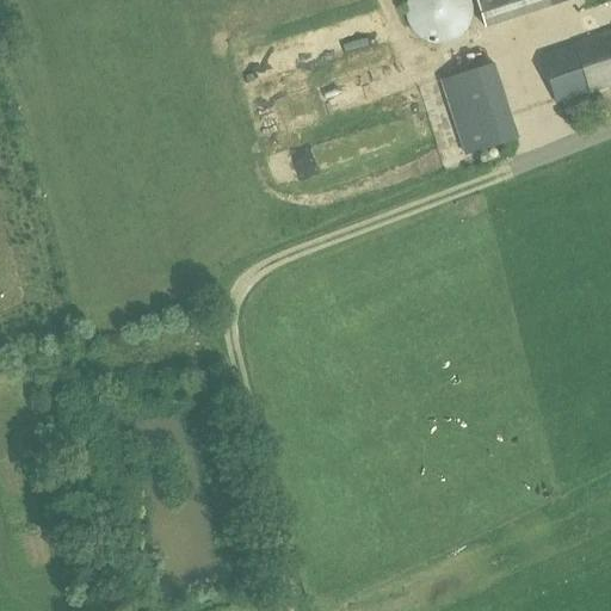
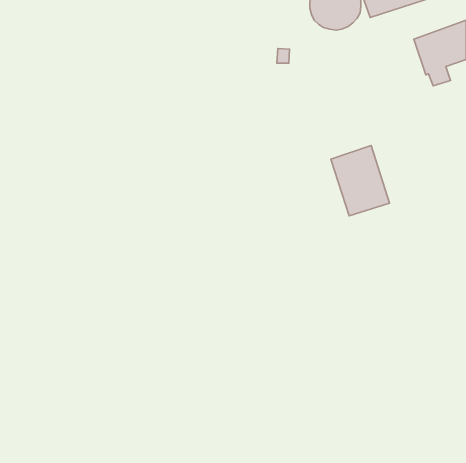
building: [440,60,517,152] -> [331,146,389,216]

